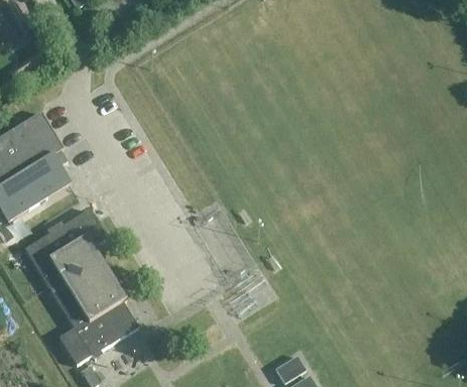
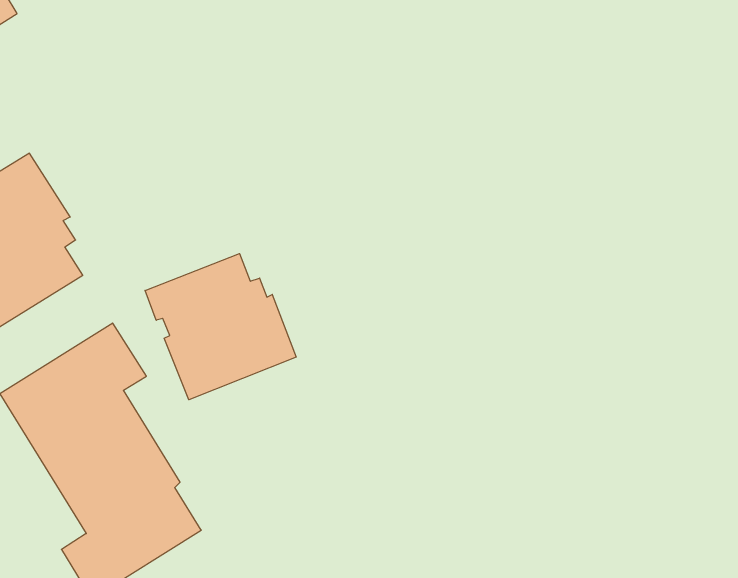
building: none -> [145,254,296,400]

